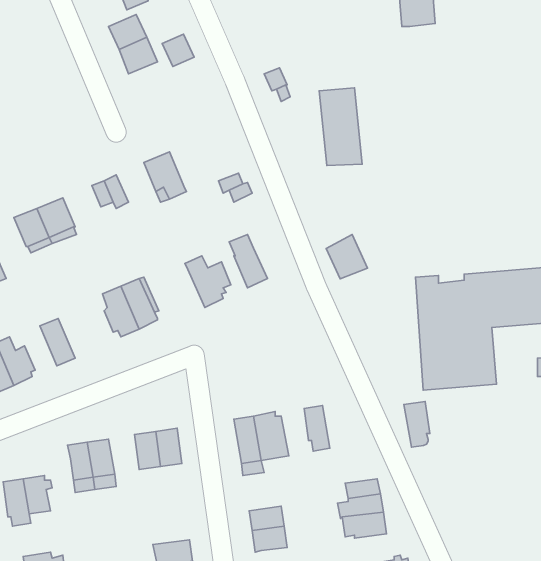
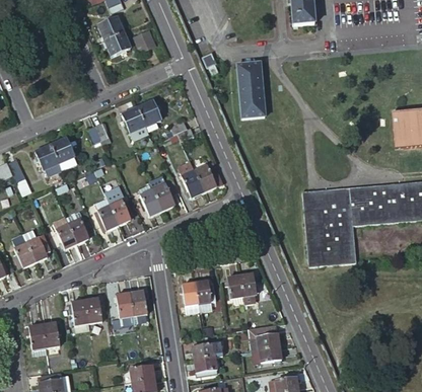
building: none -> [139,100,162,132]
building: [326,235,368,279] -> [195,162,222,191]
building: none -> [139,183,162,216]
building: none -> [65,212,91,244]
building: [404,401,430,447] -> [240,273,258,304]

